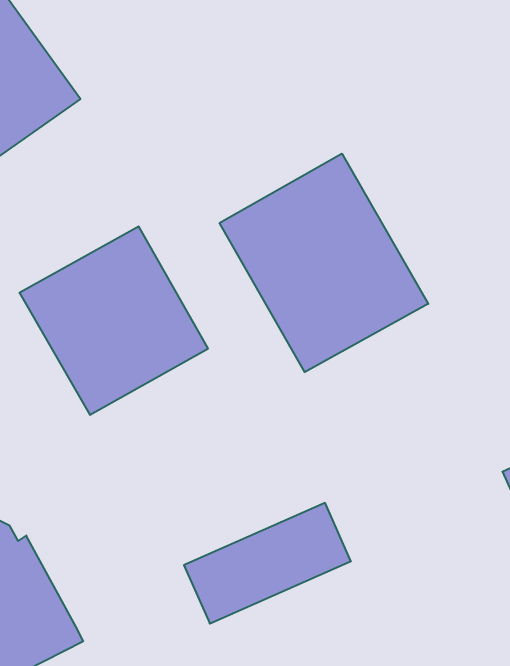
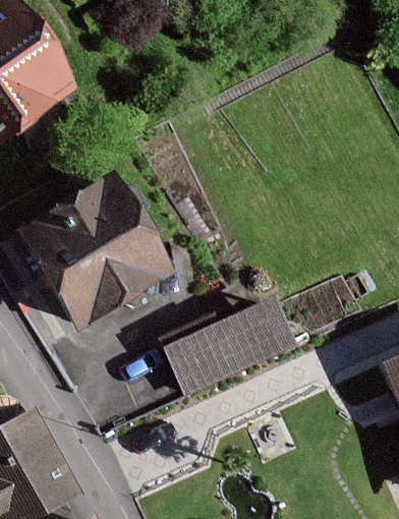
building: [220,154,428,372] -> none
building: [184,503,351,624] -> [166,303,291,394]

